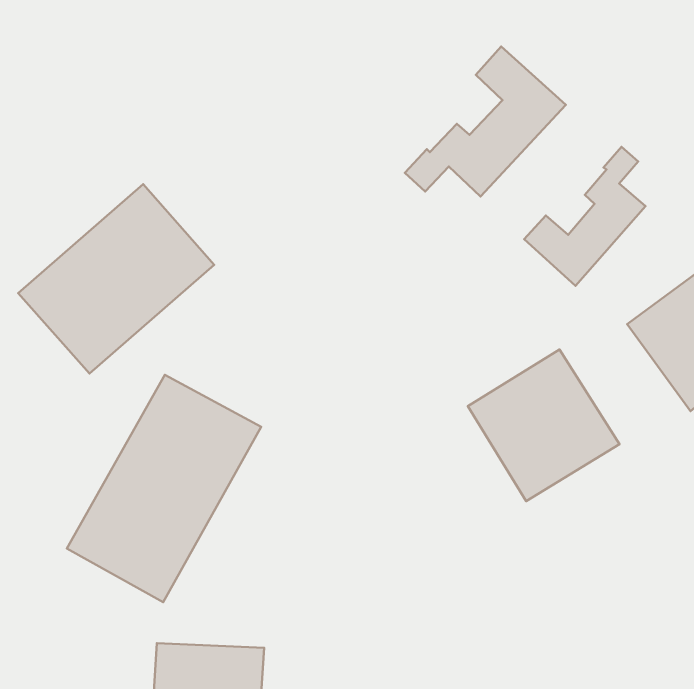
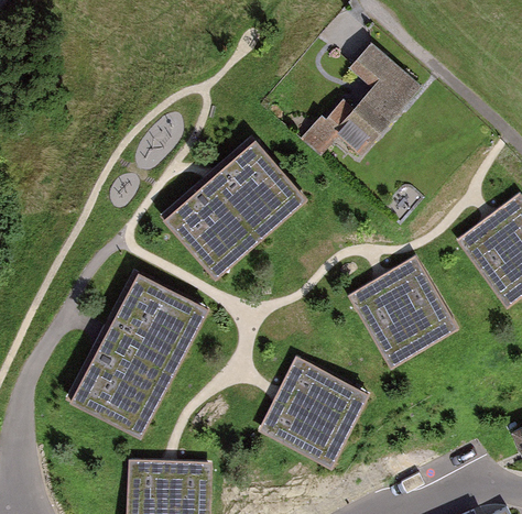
building: [524,147,645,286] -> none
building: [18,184,214,374] -> [167,141,304,273]
building: none -> [262,361,363,461]

